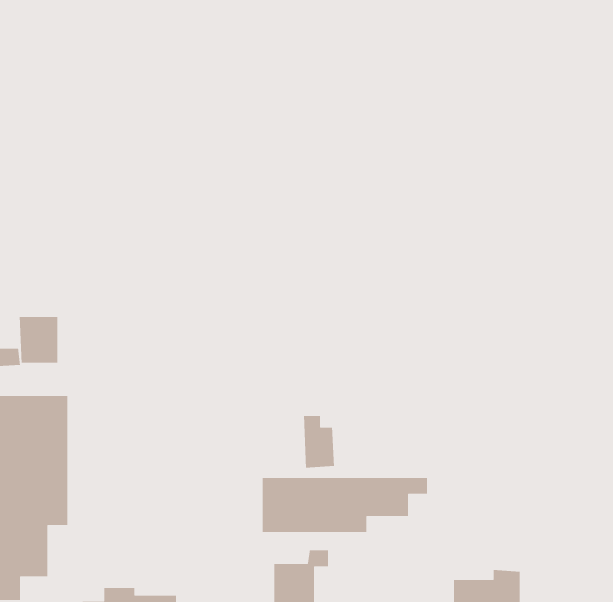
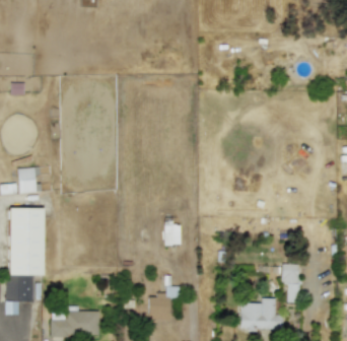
building: [262,477,428,533] -> none
building: none -> [282,265,299,302]

